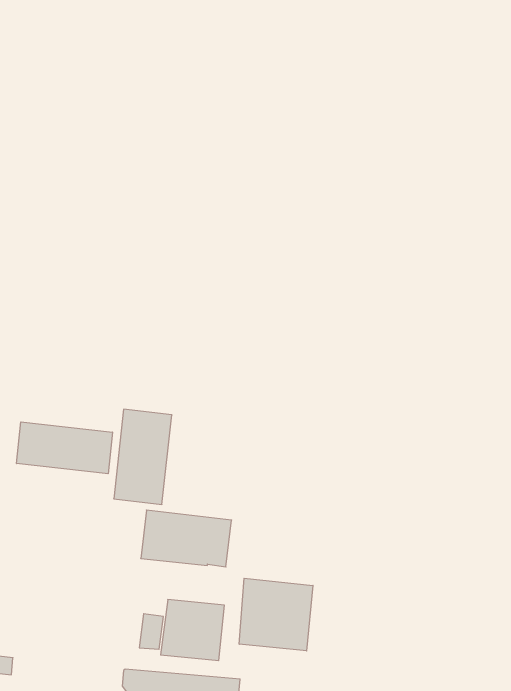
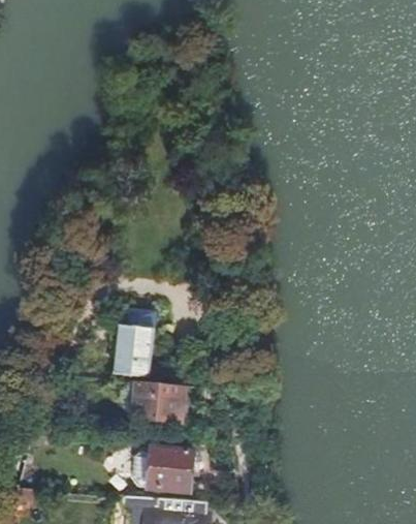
building: [17,422,112,474] -> none
building: [239,578,313,651] -> none

